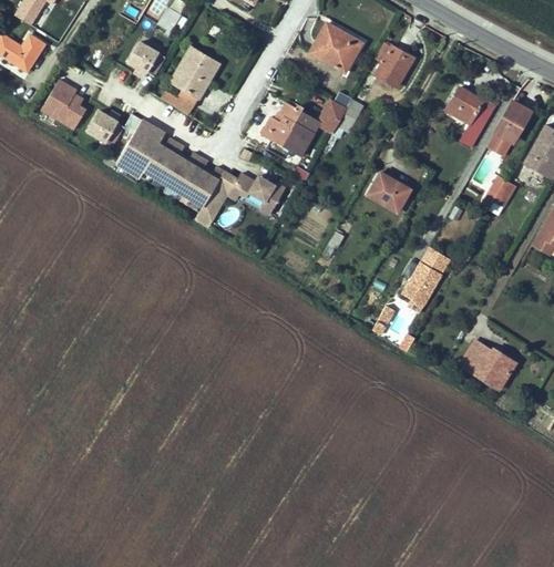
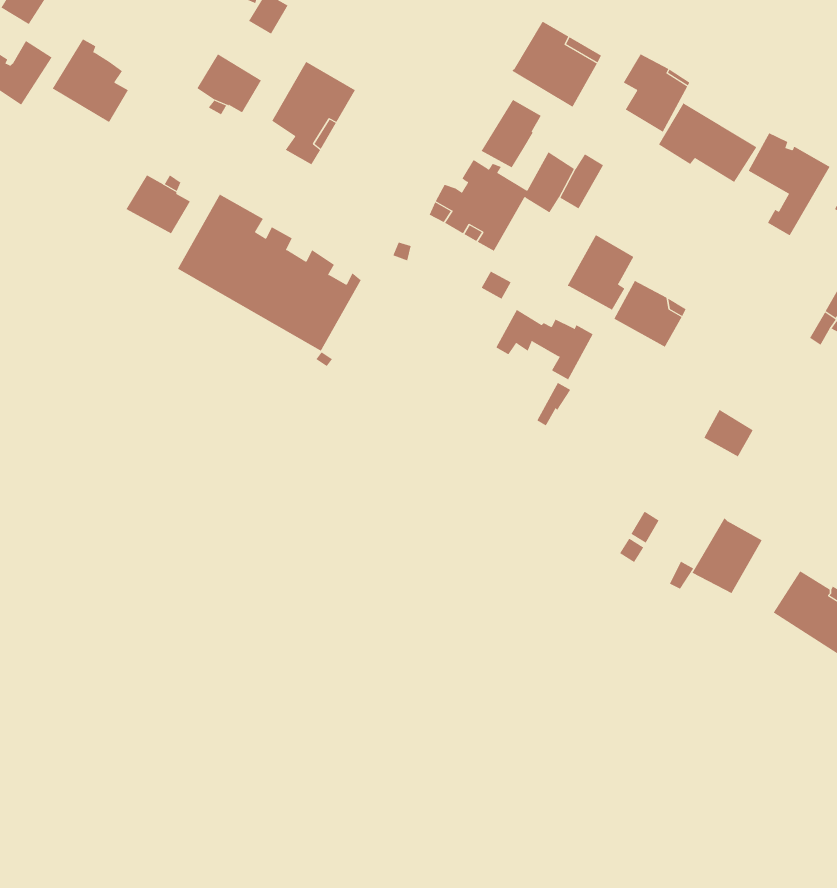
building: none -> [481,99,542,168]
building: none -> [658,102,757,183]
building: [41,81,85,130] -> [52,38,129,123]
building: none -> [567,234,634,310]
building: [227,173,284,214] -> [496,309,594,380]
building: [399,261,440,306] -> [691,517,763,594]

